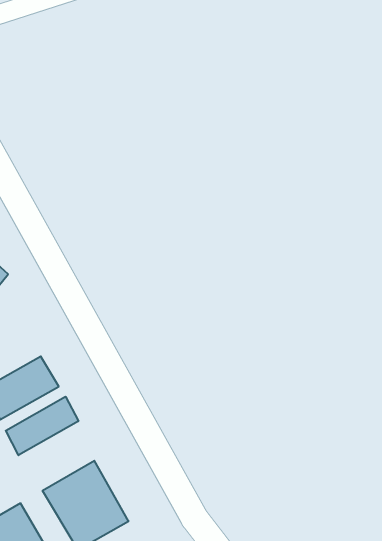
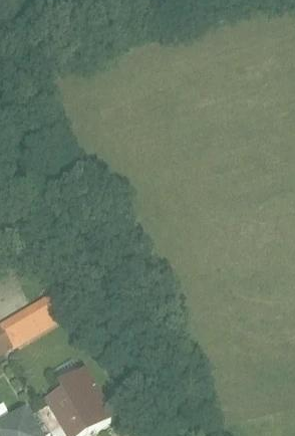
building: [6,397,78,455] -> none

